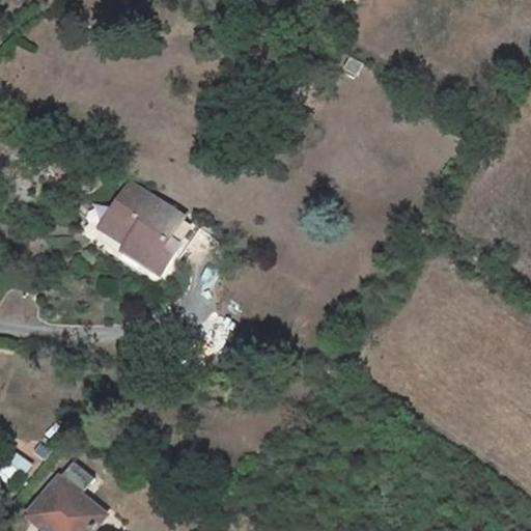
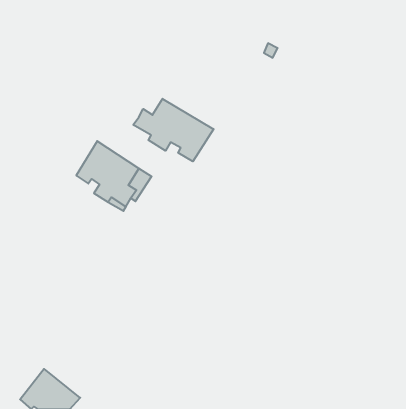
building: none -> [133,99,214,161]

